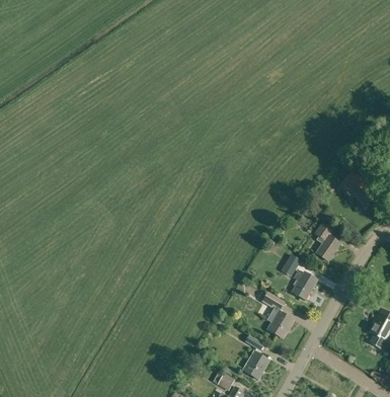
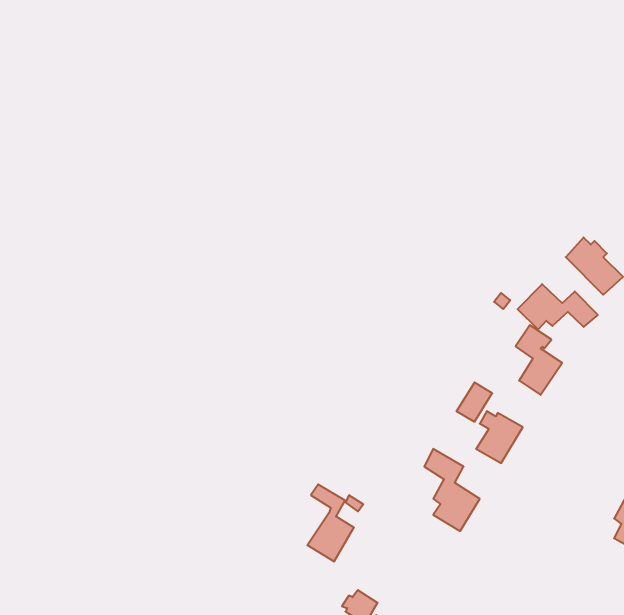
building: none -> [518,284,598,330]
building: [242,335,268,379] -> [307,484,354,561]

